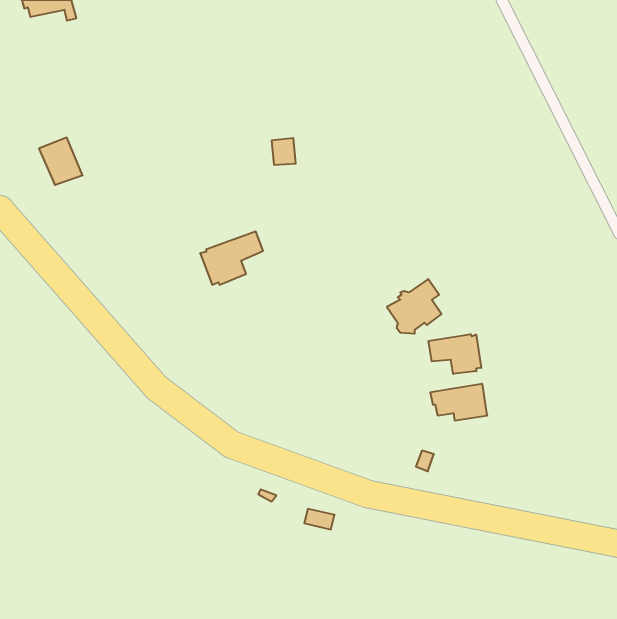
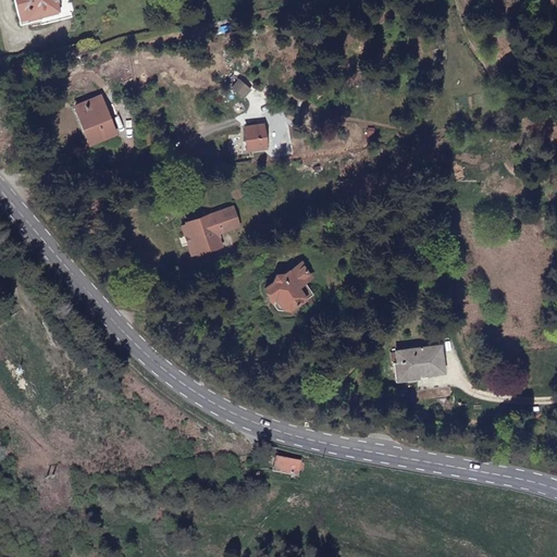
building: [39,138,83,185] -> [77,97,116,139]
building: [387,279,441,334] -> [264,262,313,311]
building: [429,334,481,374] -> none

